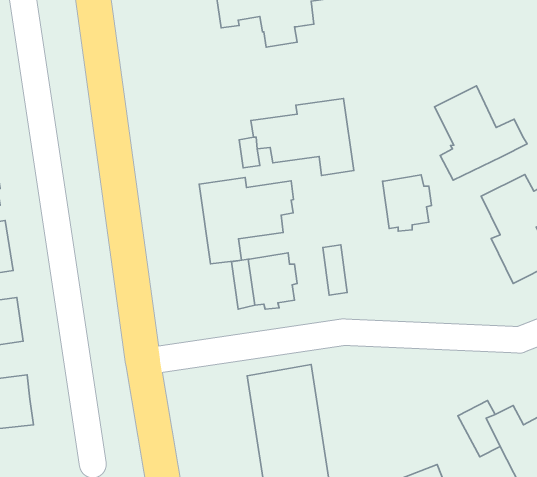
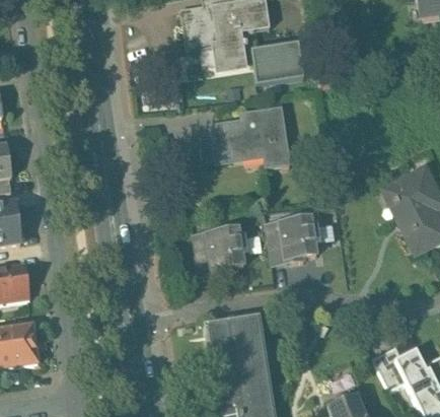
building: none -> [251,41,303,82]
building: [435,86,527,180] -> none
building: [383,175,432,231] -> [280,216,318,261]
building: [199,177,294,264] -> none

